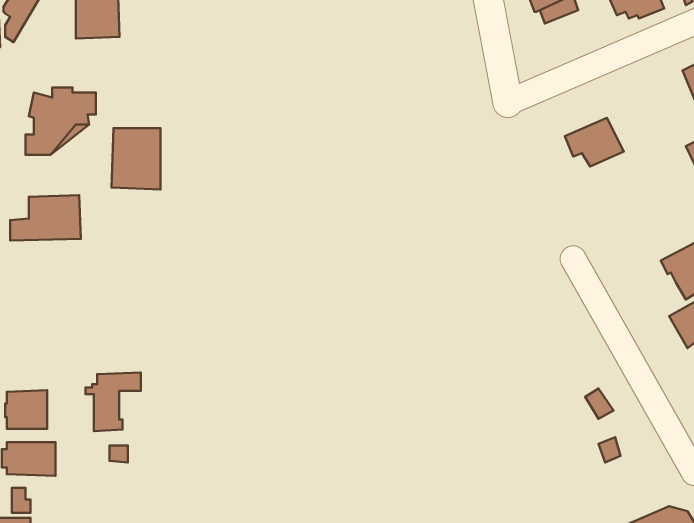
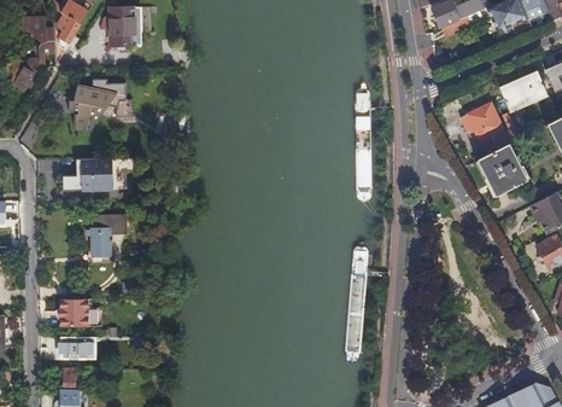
building: none -> [500,75,548,111]
building: [112,128,160,190] -> none
building: none -> [478,143,527,196]
building: [86,372,141,431] -> [86,220,125,262]

